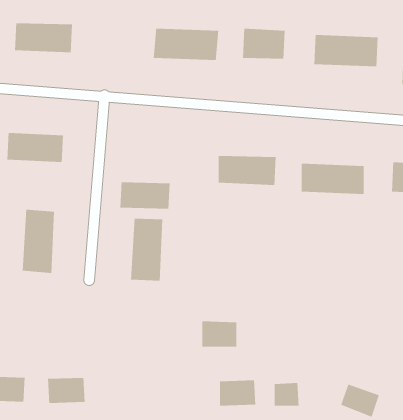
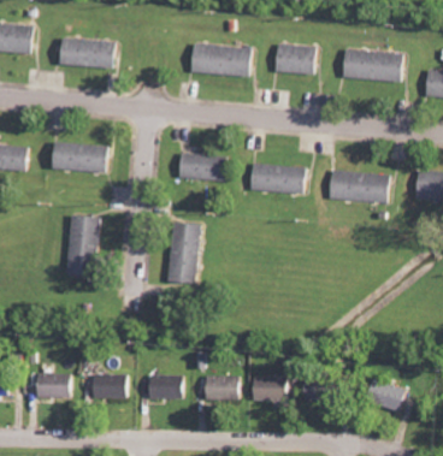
building: [119,182,170,210] -> [179,153,228,179]
building: [201,321,237,347] -> [206,374,240,399]
building: none -> [148,374,183,398]

